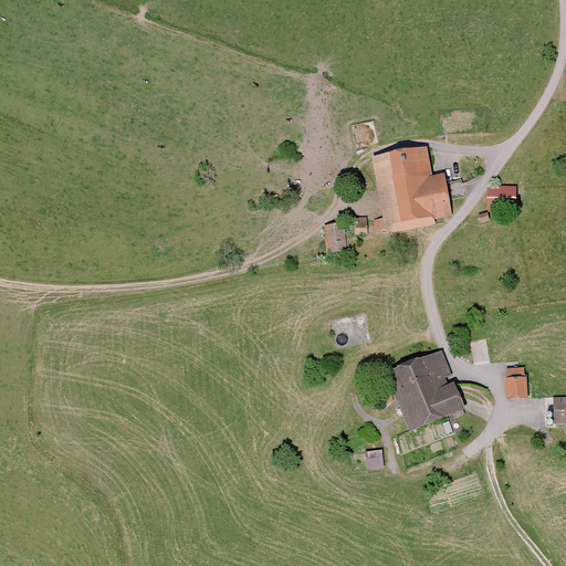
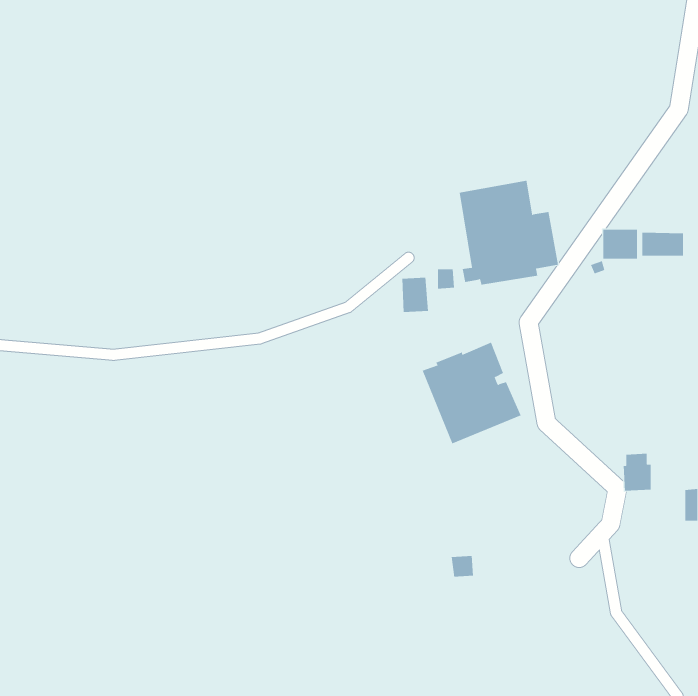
building: none -> [642,232,683,257]
building: [386,348,467,431] -> [422,342,521,444]

